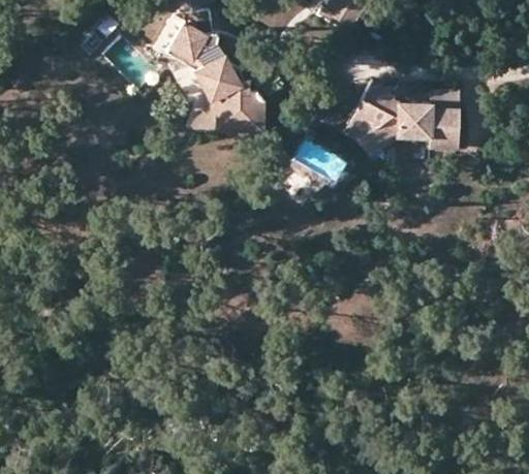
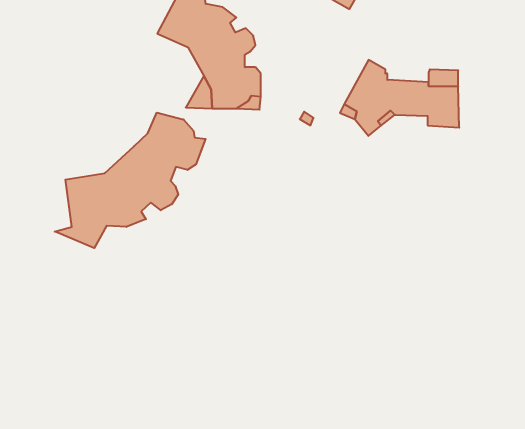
building: none -> [55,113,206,248]

